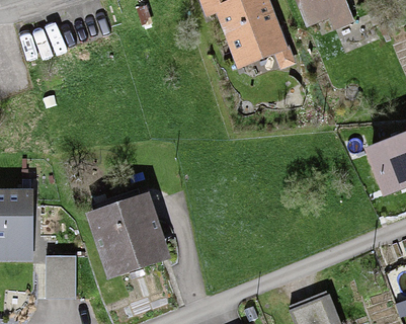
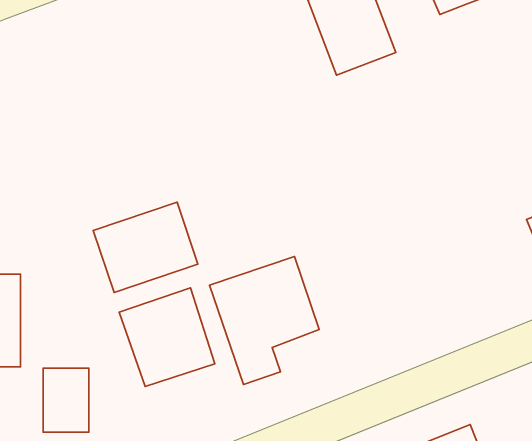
building: none -> [93,202,198,293]
building: none -> [210,256,319,384]

